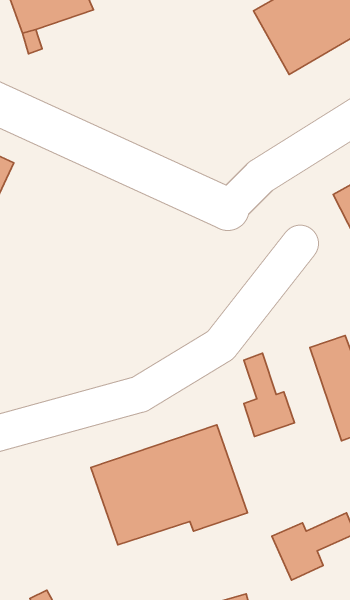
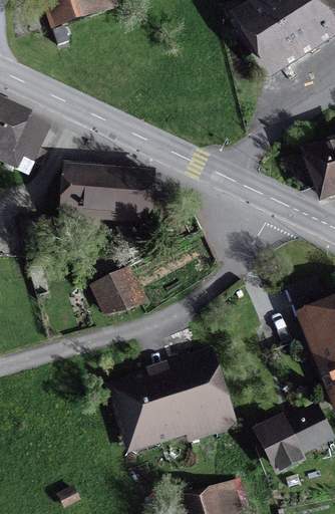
building: none -> [65,170,150,223]
building: none -> [95,270,141,313]
building: [244,353,294,436] -> none

